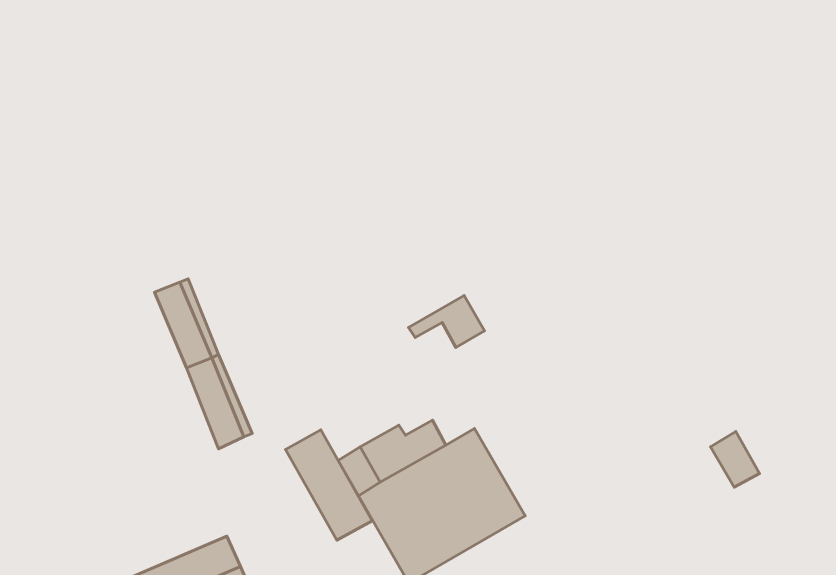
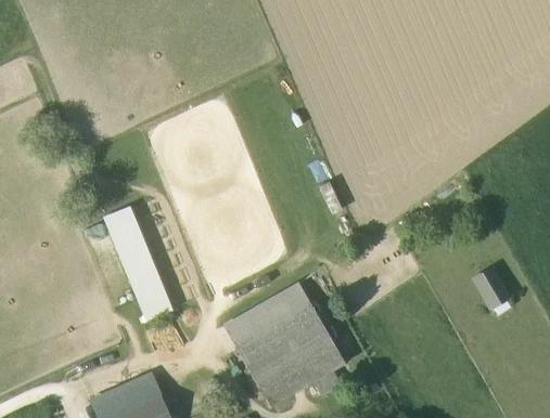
building: [409,295,484,348] -> [263,283,311,316]
building: [286,430,372,540] -> none
building: [711,432,759,487] -> [475,270,507,305]

